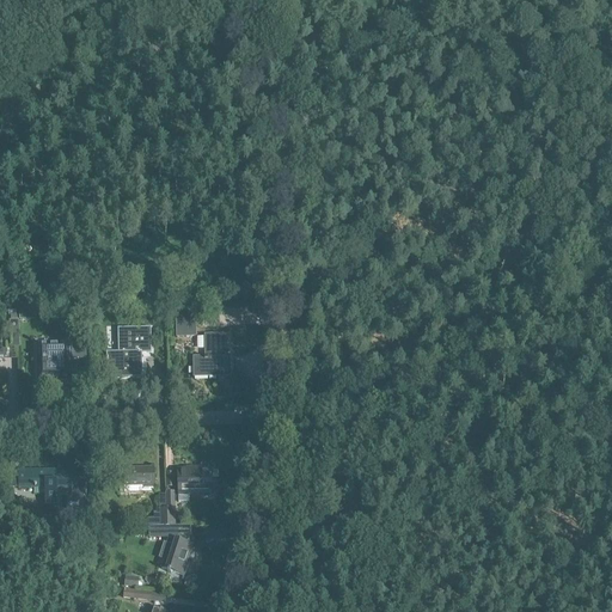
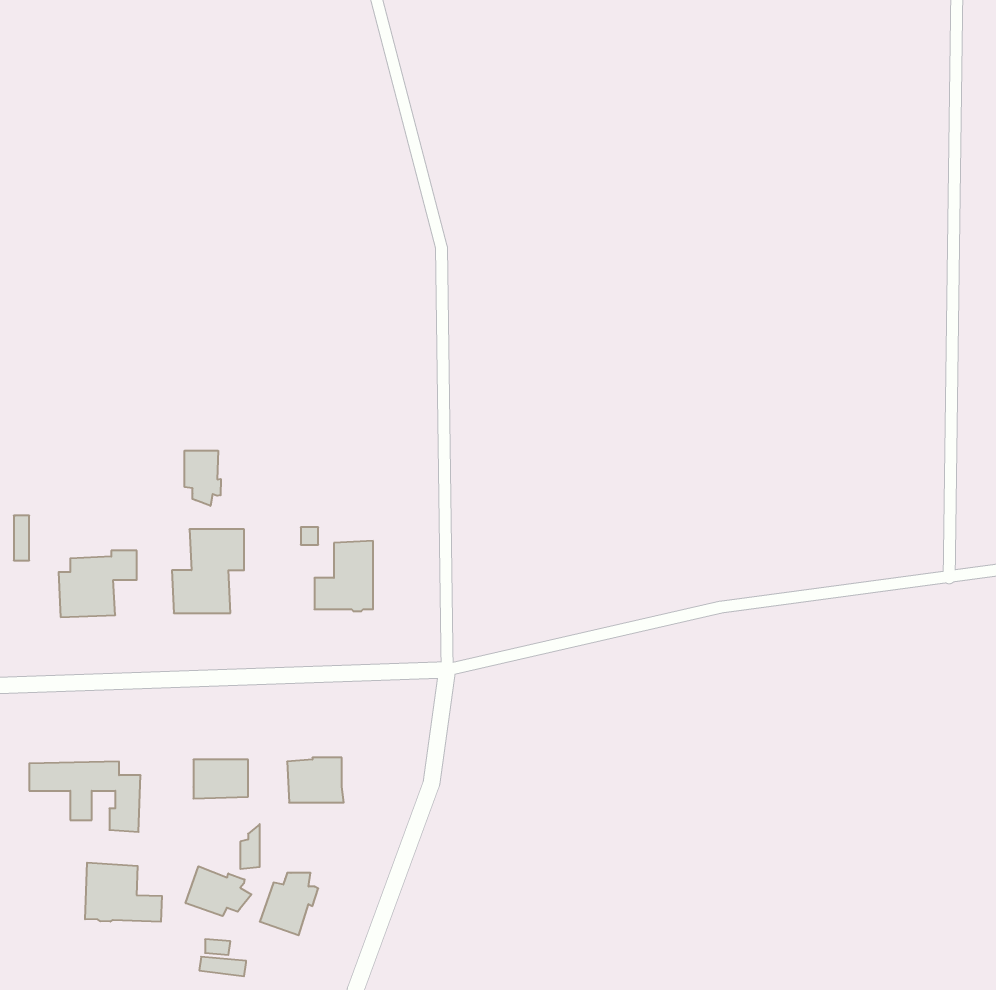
building: none -> [185,451,221,506]
building: none -> [85,863,162,922]
building: none -> [186,866,251,916]

